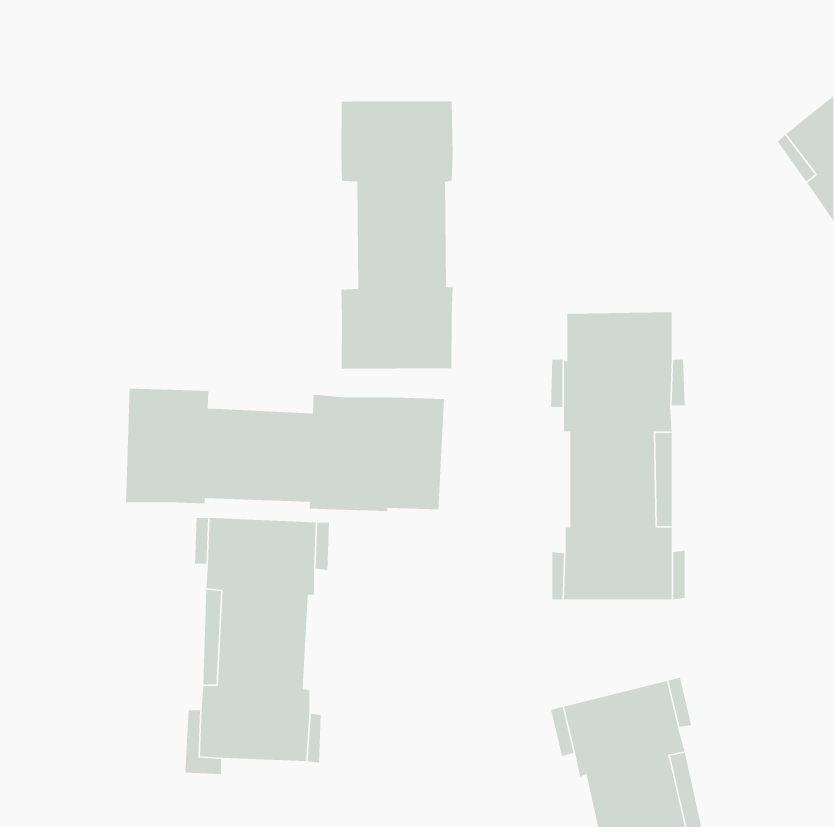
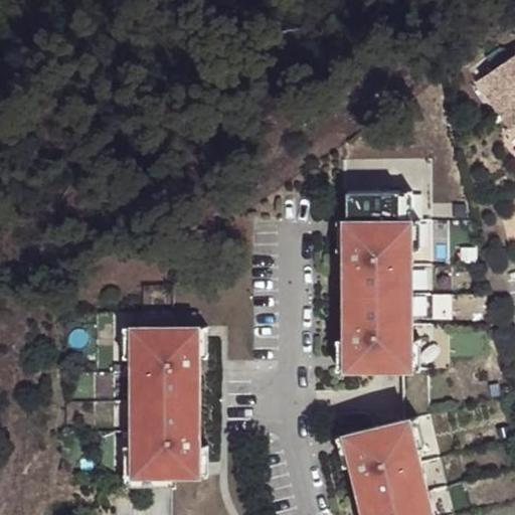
building: [340,100,454,369] -> none
building: [125,388,445,512] -> none

